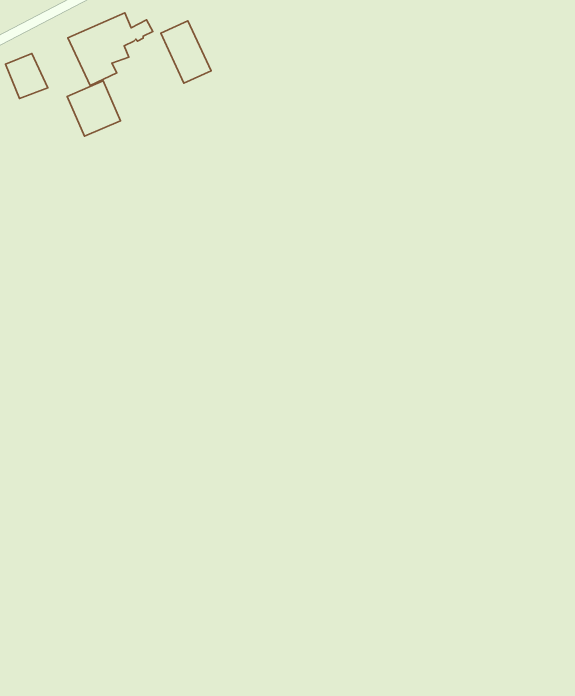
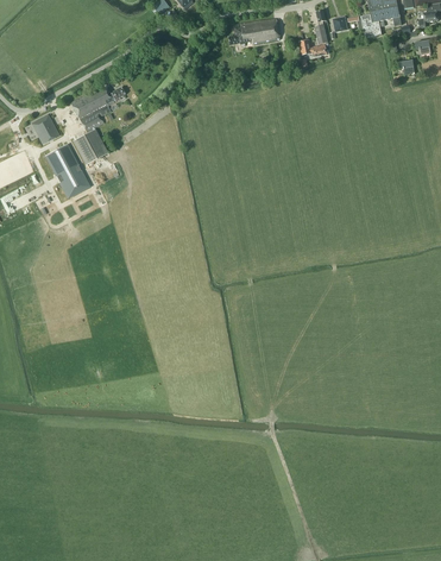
building: [161,21,211,83] -> none
building: none -> [45,144,89,197]

